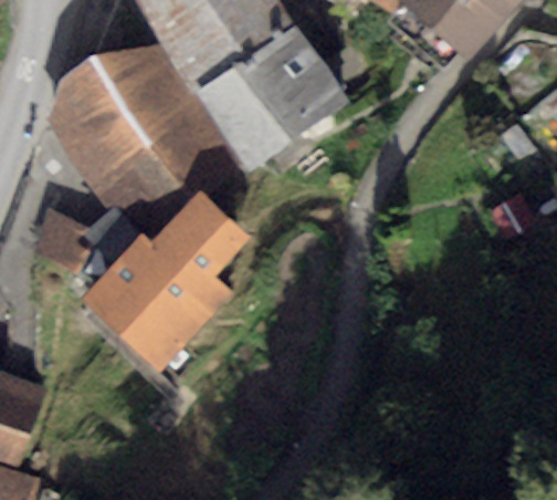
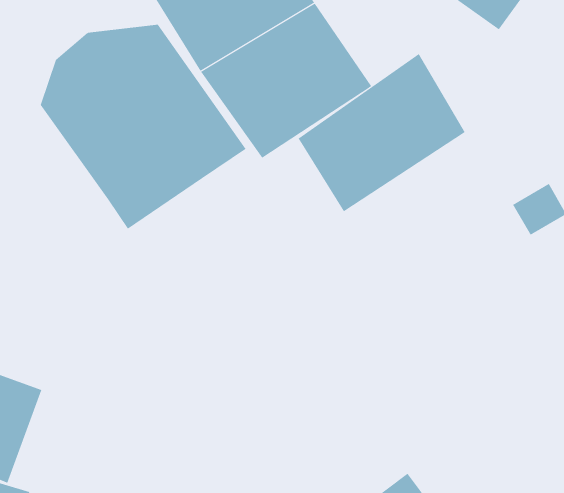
building: none -> [298,53,465,212]
building: [72,189,251,372] -> none

